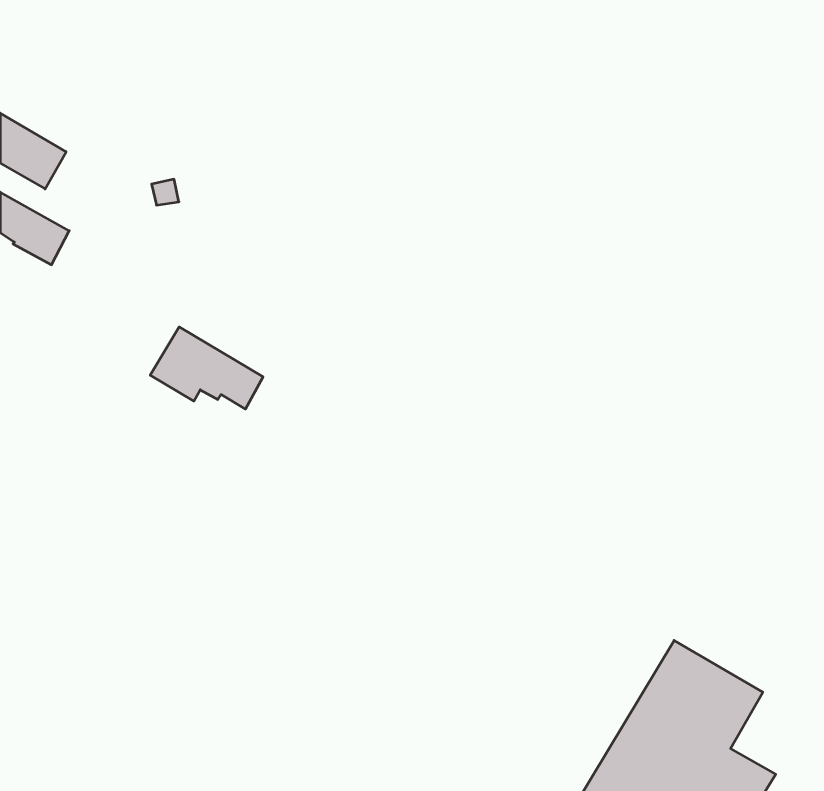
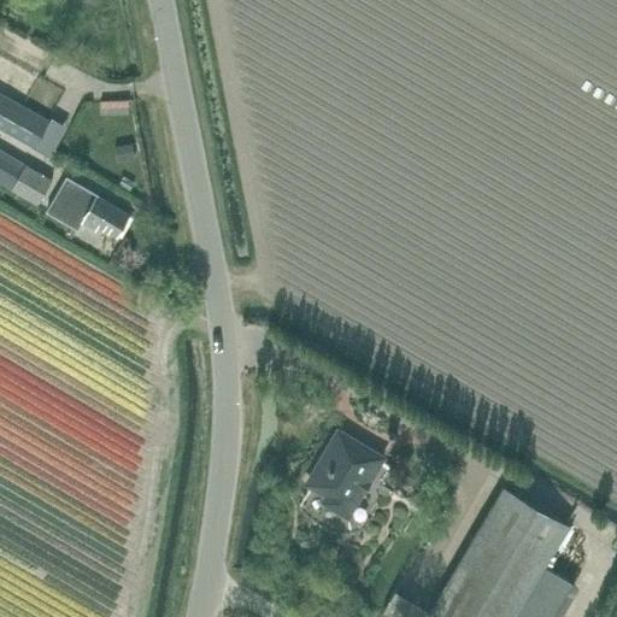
building: [150,327,263,409] -> [45,178,129,240]
building: none -> [306,437,386,521]

